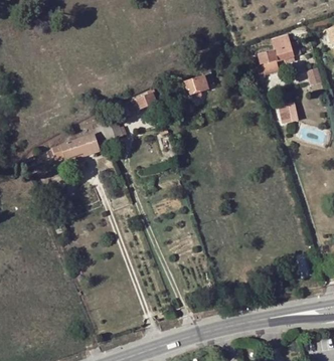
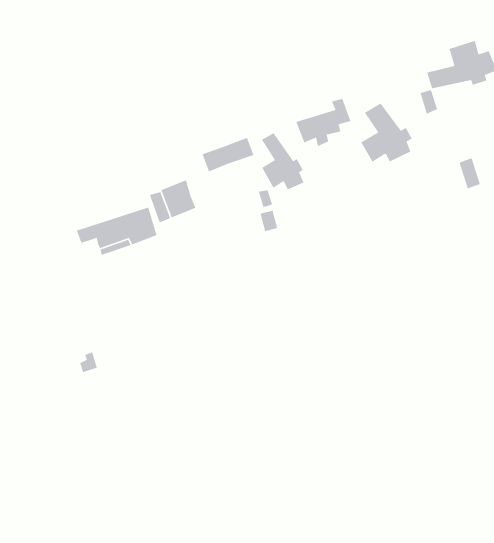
building: none -> [360,103,413,163]
building: none -> [261,132,305,190]

